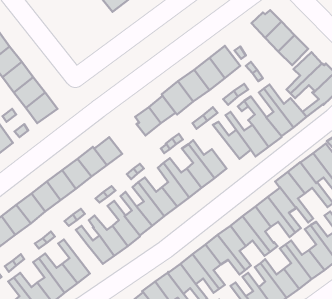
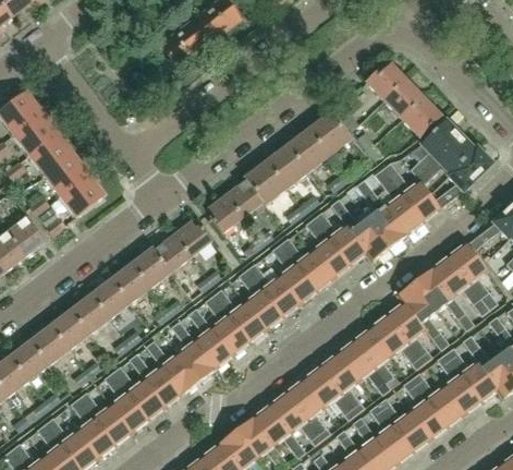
building: none -> [306,218,349,277]
building: none -> [173,221,211,257]
building: none -> [112,367,164,419]

